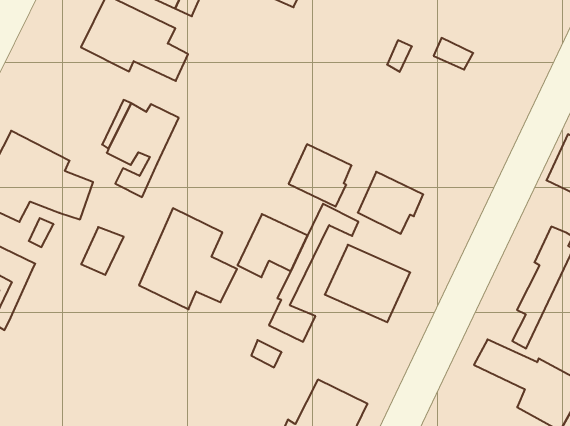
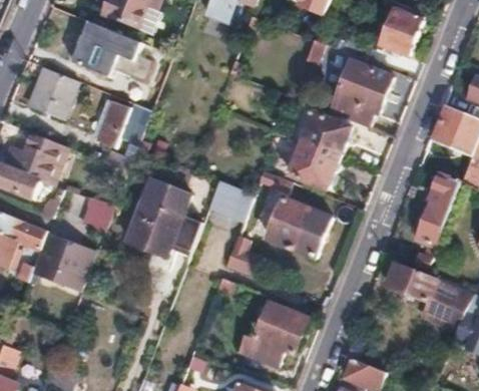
building: none -> [381,10,420,53]
building: none -> [27,66,76,118]
building: none -> [329,61,390,126]
building: [289,144,352,207] -> [301,110,348,156]
building: none -> [28,234,92,292]

